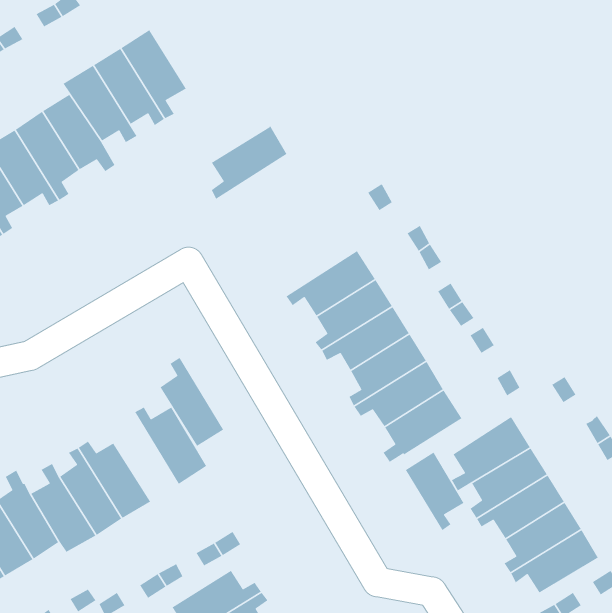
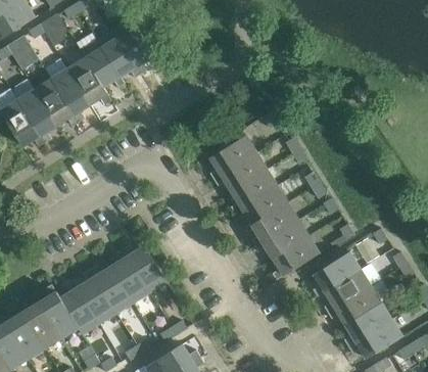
building: [211,125,287,200] -> [210,134,256,179]
building: [159,357,224,447] -> [110,248,149,303]
building: [405,452,464,531] -> none

